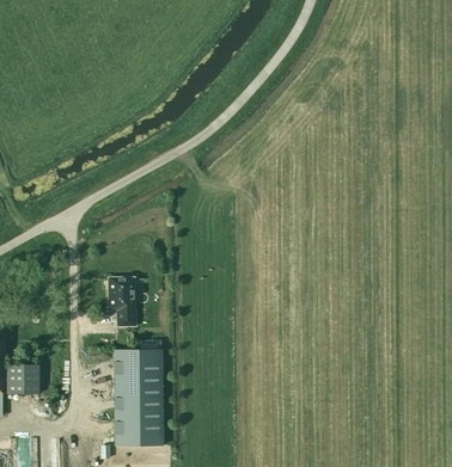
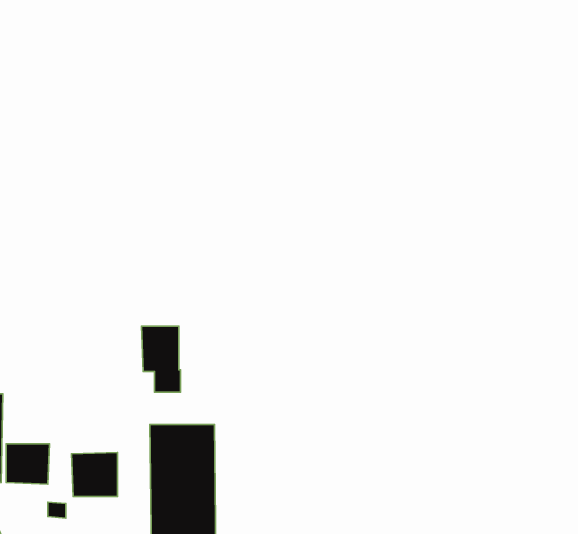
building: none -> [71,452,117,496]

